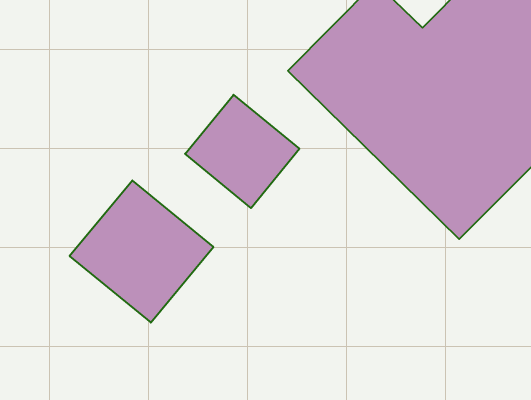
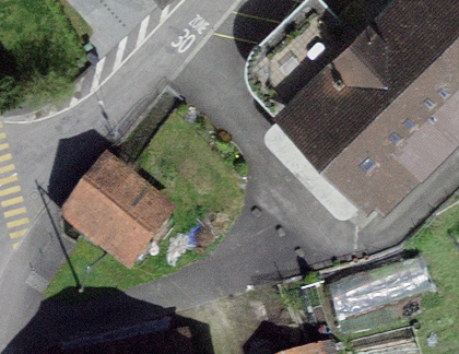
building: [185,95,299,208] -> none

